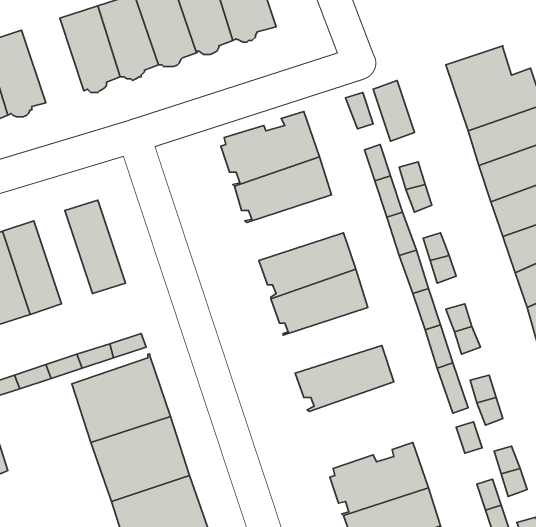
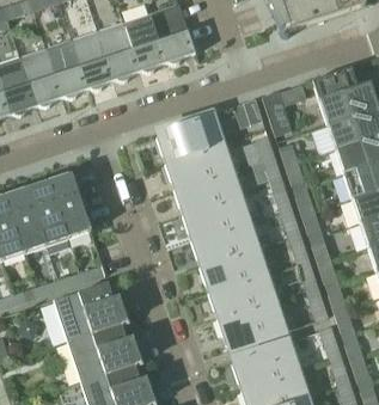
building: none -> [19,47,62,106]
building: none -> [175,168,242,214]
building: none -> [27,179,68,244]
building: none -> [200,246,268,292]
building: none -> [218,297,287,348]

